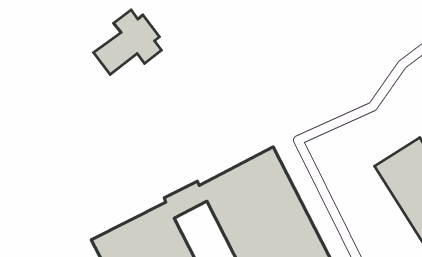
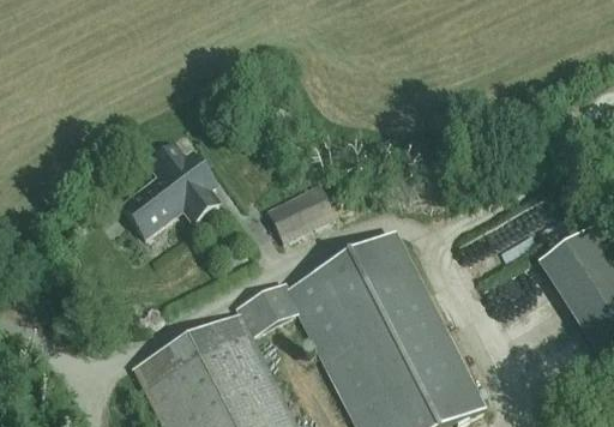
building: [93,10,161,74] -> [120,143,217,235]
building: none -> [270,188,333,240]

